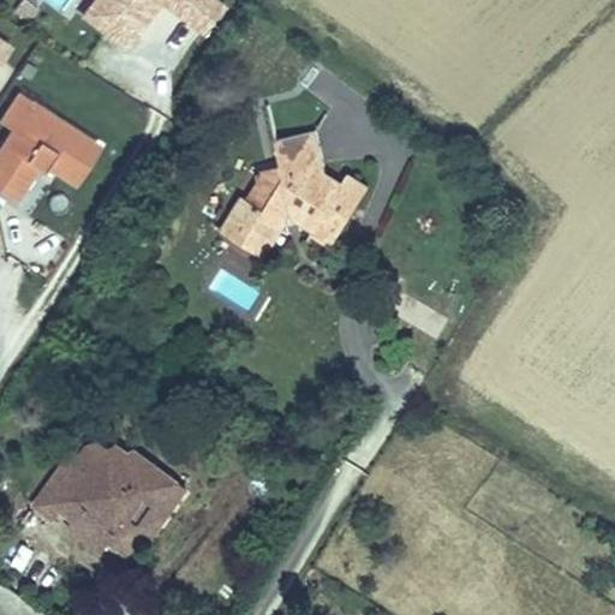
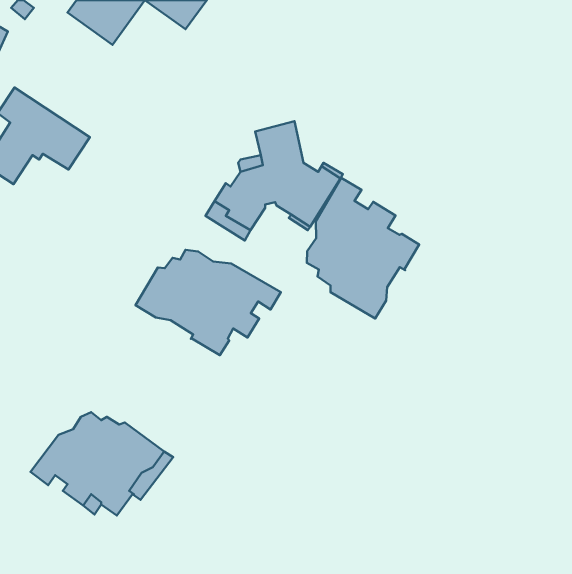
building: none -> [307,178,419,318]
building: none -> [136,250,281,355]

